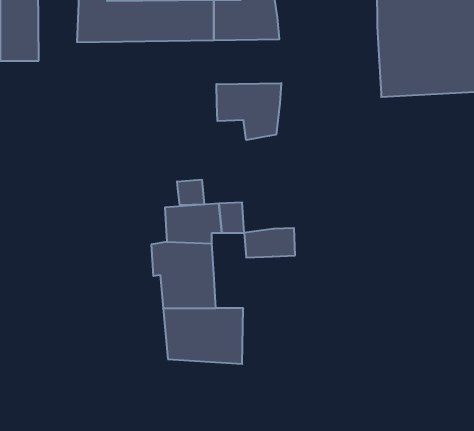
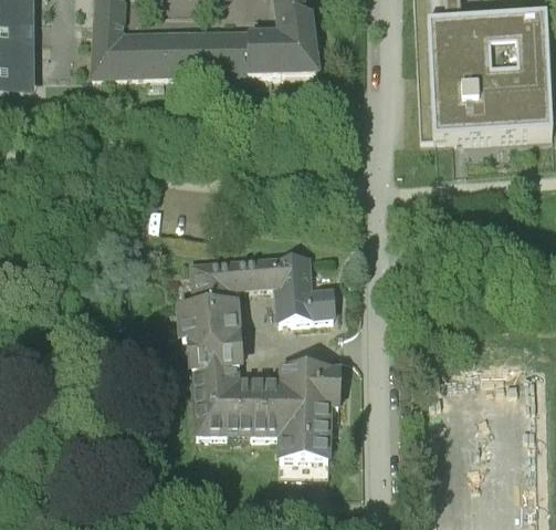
building: [216,83,281,140] -> none
building: [177,180,204,205] -> none
building: none -> [275,254,311,291]
building: none -> [275,363,339,458]

